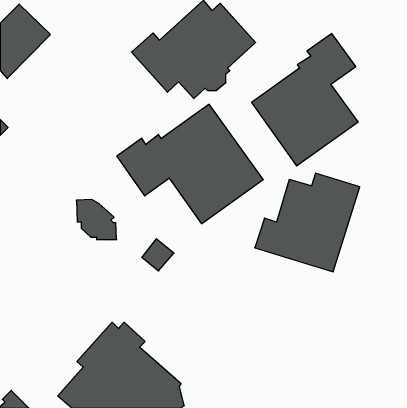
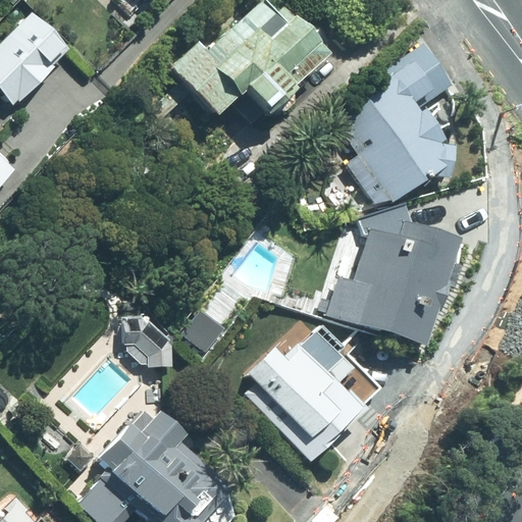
building: [117,104,263,224] -> none
building: [76,199,117,240] -> [123,316,174,367]
building: none -> [246,319,385,462]

